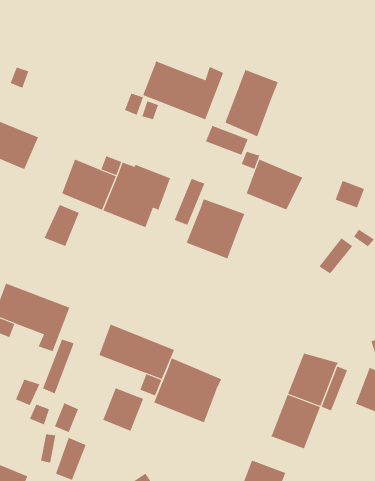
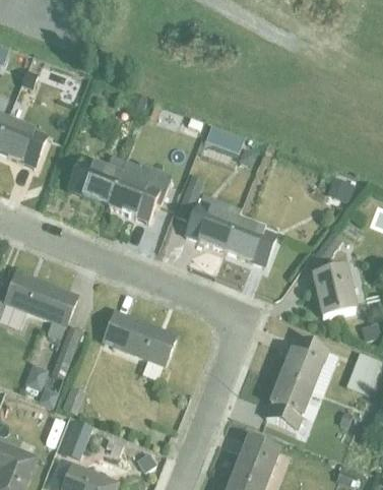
building: [143,60,224,120] -> none
building: [225,69,278,137] -> none
building: [246,159,303,210] -> [226,218,279,265]
building: [44,204,79,247] -> none
building: none -> [313,265,357,316]
building: [153,358,222,423] -> none
building: [103,387,144,432] -> none

